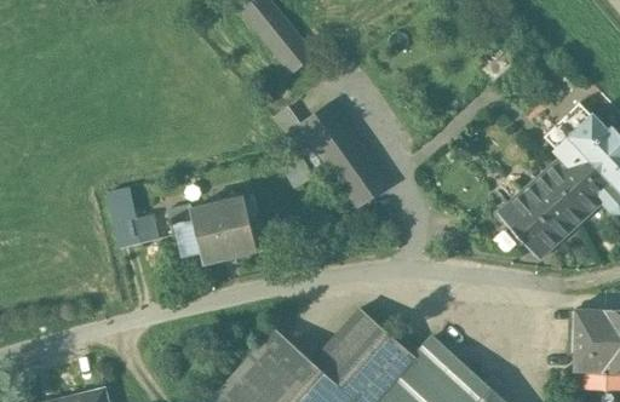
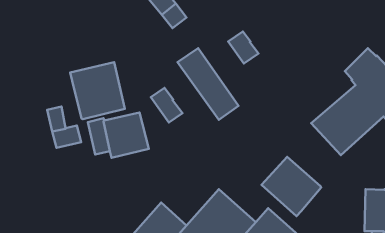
building: none -> [228,31,259,64]
building: none -> [70,62,125,119]
building: none -> [151,88,182,122]
building: none -> [262,157,321,216]

